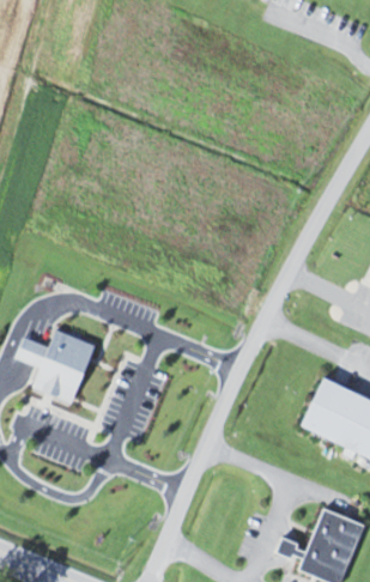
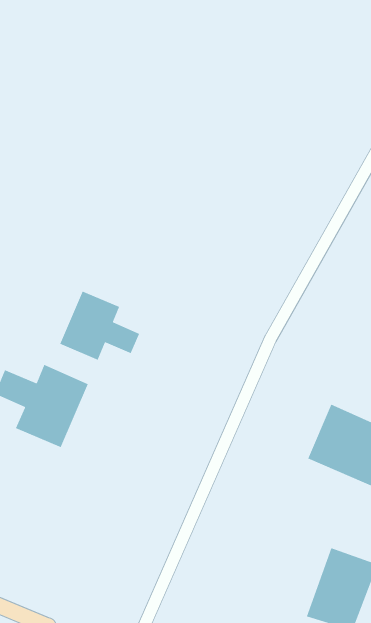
building: none -> [59,291,140,361]

